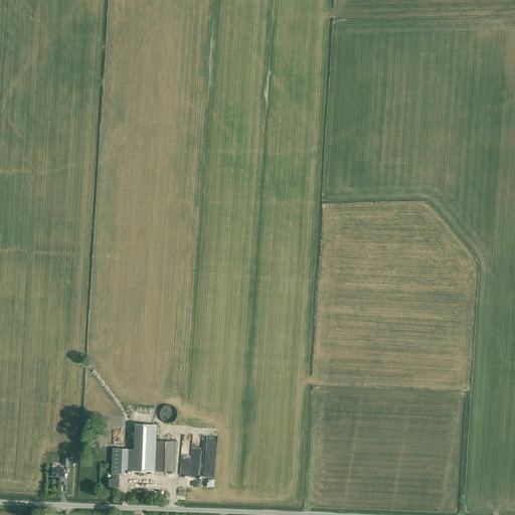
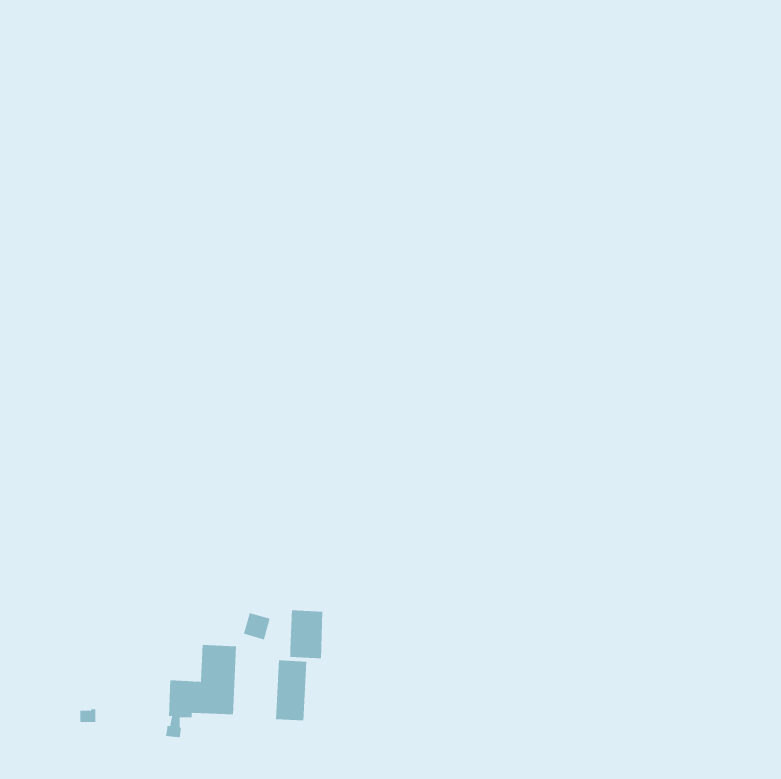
building: [154,440,176,472] -> [290,610,323,659]

